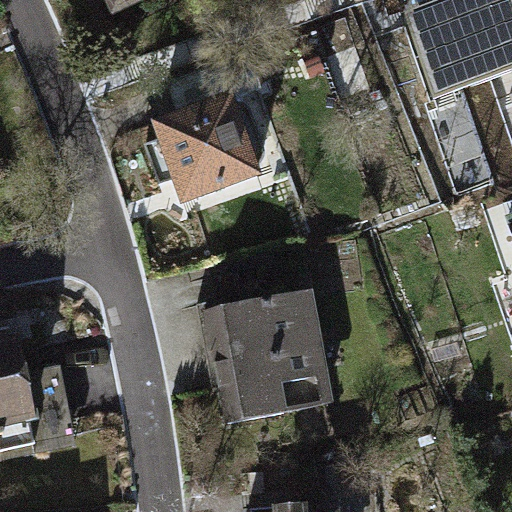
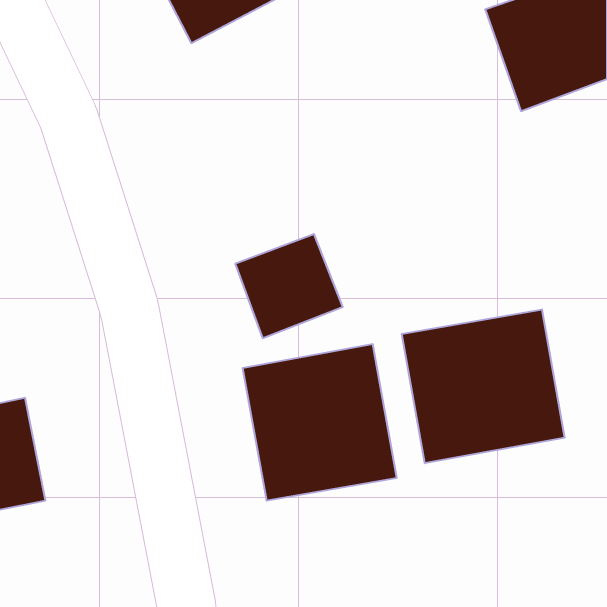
building: [159,99,249,186] -> [235,234,343,338]
building: none -> [402,309,565,463]

